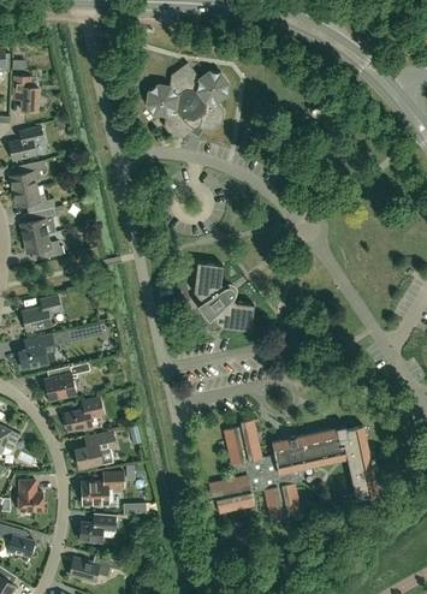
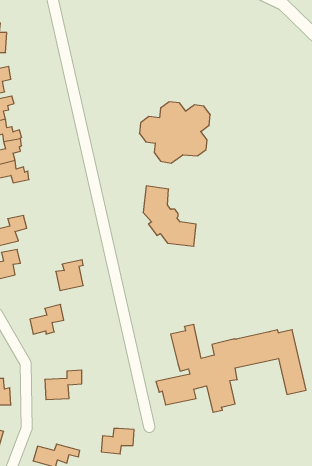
building: [146,69,226,138] -> [139,102,210,163]
building: [43,366,75,400] -> [56,260,83,291]
building: [73,432,115,468] -> none
building: [78,513,115,542] -> [101,428,134,454]

